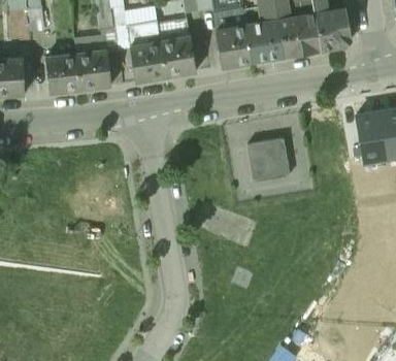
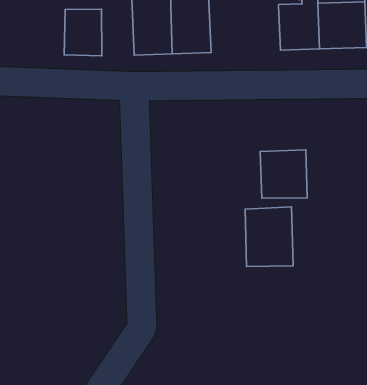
building: [216,28,252,68] -> none
building: [44,54,80,94] -> none
building: none -> [245,207,293,267]

